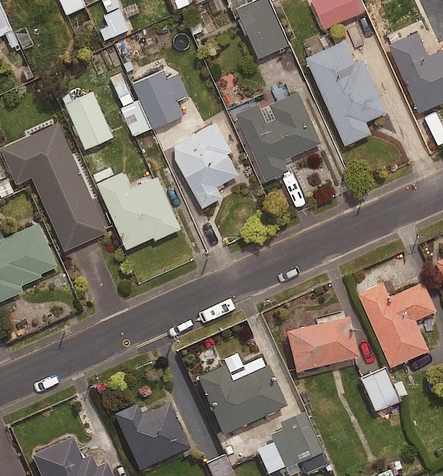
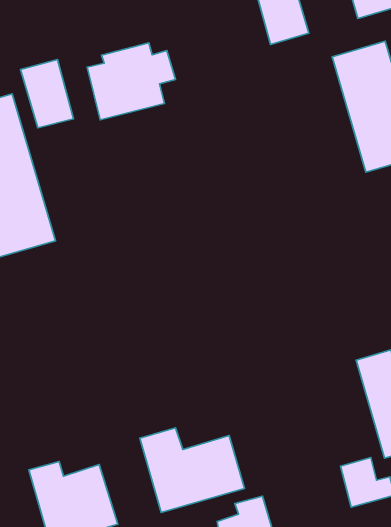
building: [237,91,322,180] -> none
building: [175,122,240,209] -> none
building: [97,172,182,250] -> none
building: [285,318,357,374] -> none

